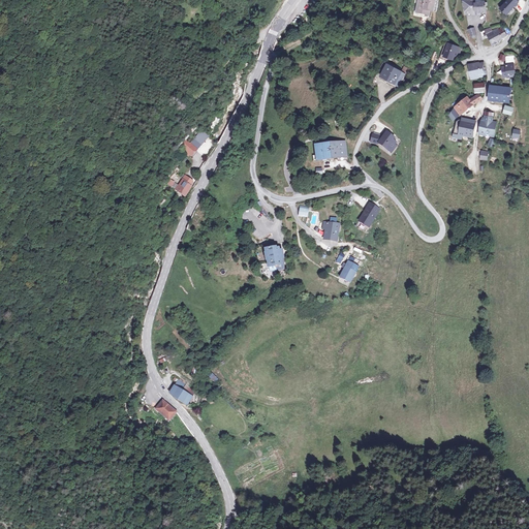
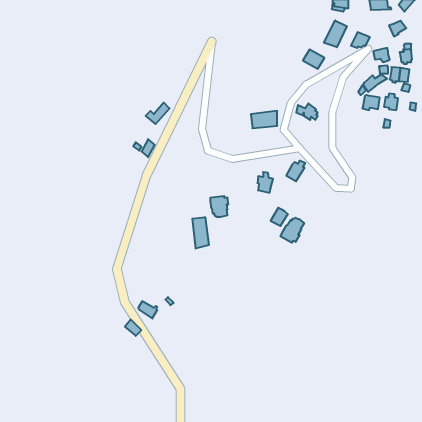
building: none -> [324,20,347,47]
building: none -> [192,217,209,249]
building: none -> [281,218,304,243]

